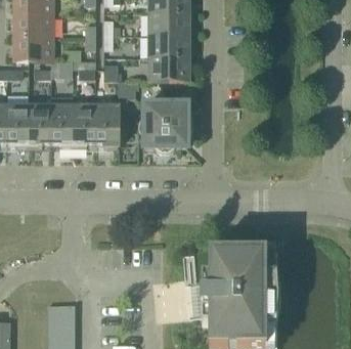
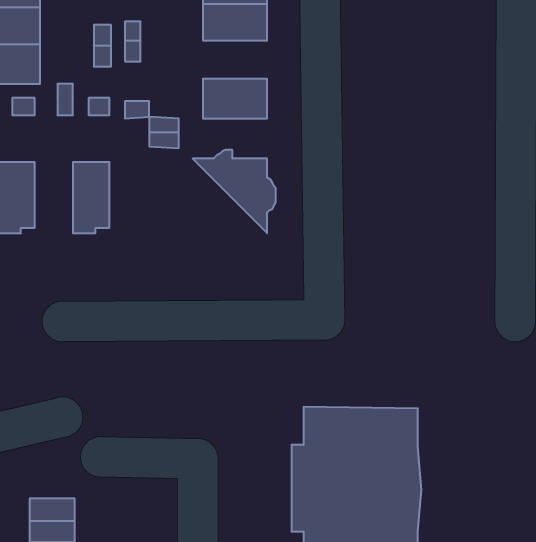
building: [149,34,187,56] -> none
building: [50,95,73,147] -> none
building: [138,103,187,154] -> none
building: [94,105,118,147] -> none

